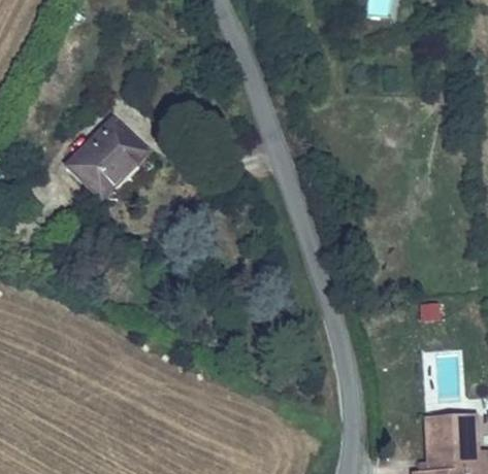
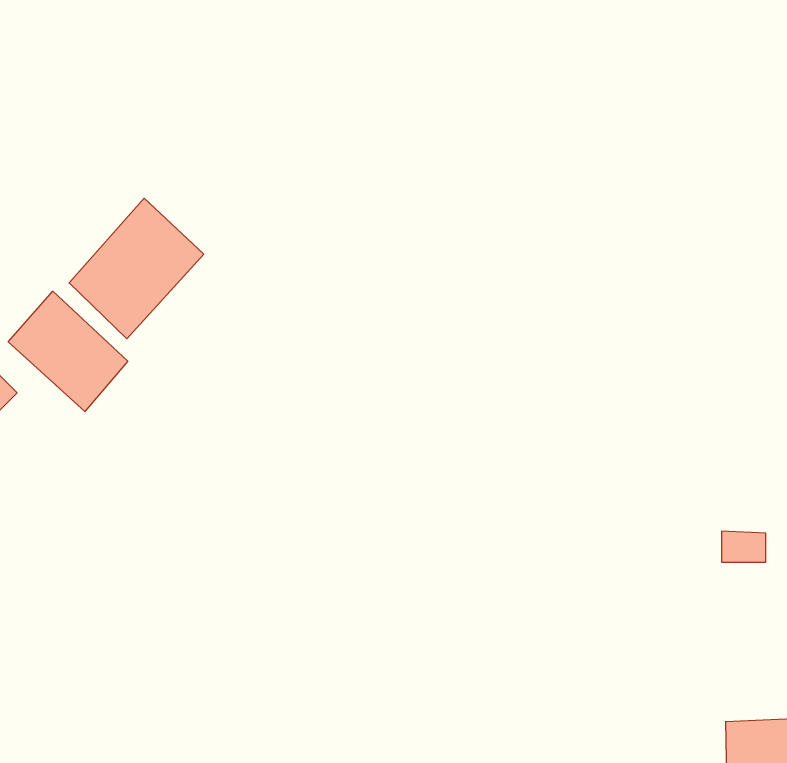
building: none -> [8,291,128,412]

